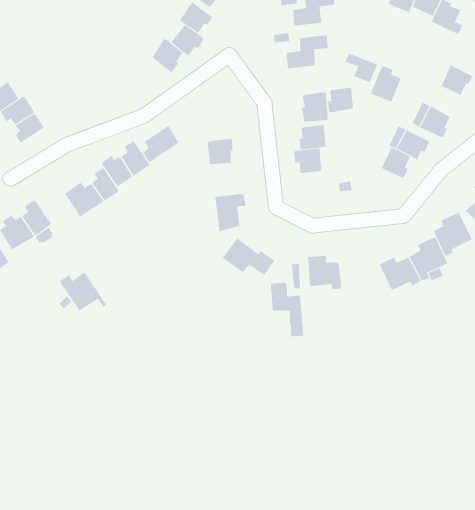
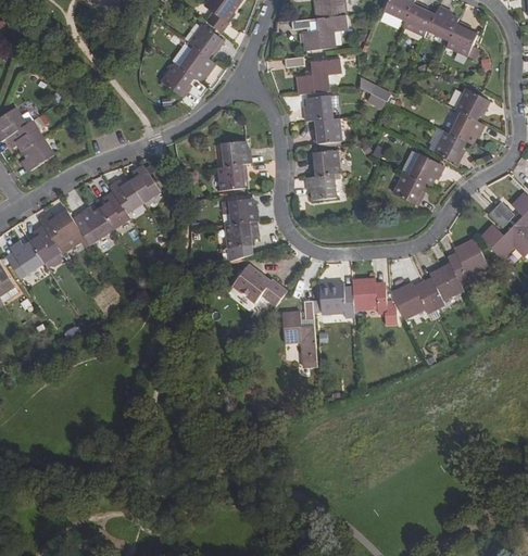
building: [370,65,401,102] -> none
building: [327,87,354,113] -> [304,94,331,121]
building: none -> [450,112,485,143]
building: none -> [222,140,251,165]
building: [142,125,179,163] -> none
building: none -> [221,197,257,222]
building: none -> [351,278,395,323]
building: [59,272,107,311] -> [39,210,88,250]

